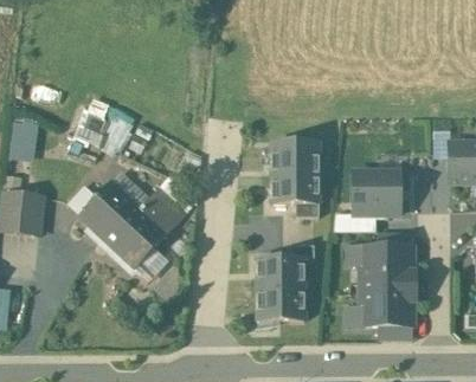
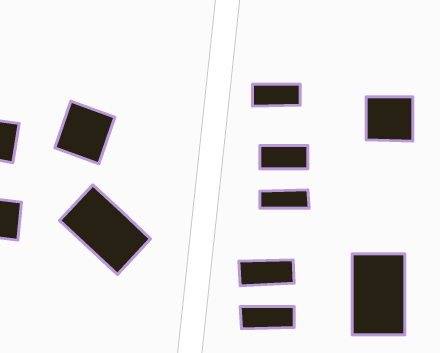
building: [272,164,319,186] -> [252,84,300,106]
building: [354,171,399,214] -> [366,97,413,141]
building: [140,186,186,232] -> none
building: [253,274,305,297] -> none

